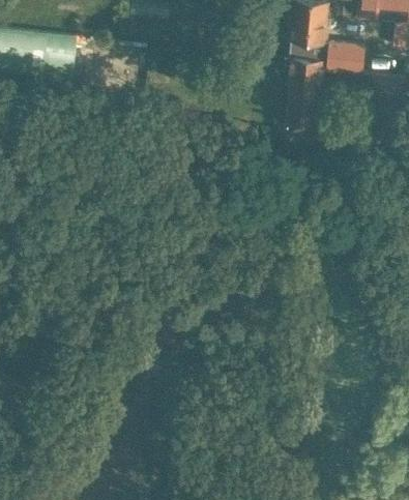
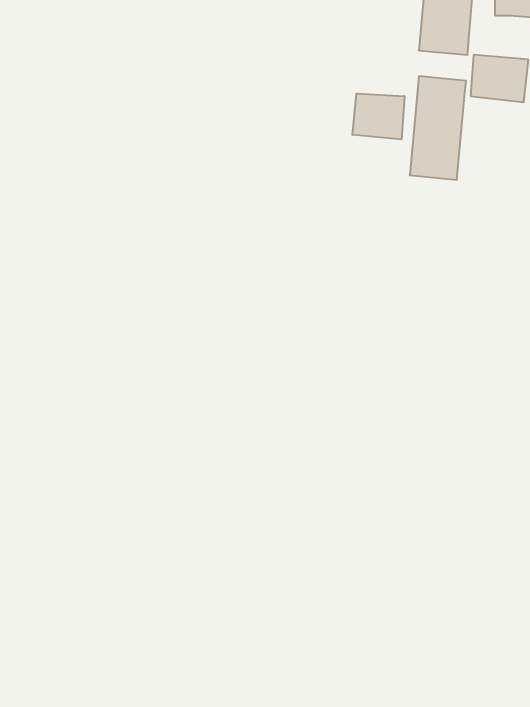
building: none -> [352,93,404,139]

